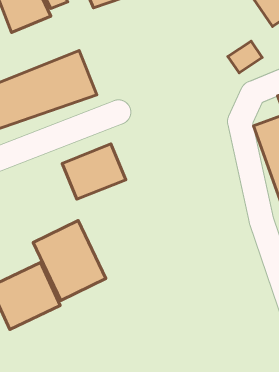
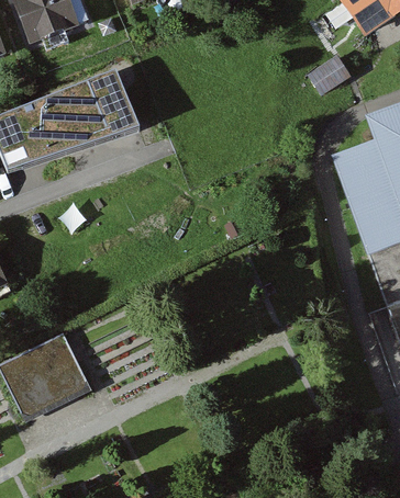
building: [62,144,126,199] -> none
building: [33,220,106,300] -> none

